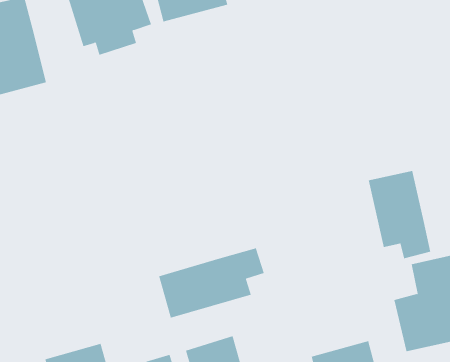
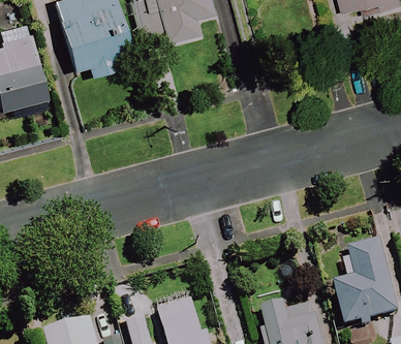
building: [368,170,431,259] -> none
building: [158,248,265,318] -> none

